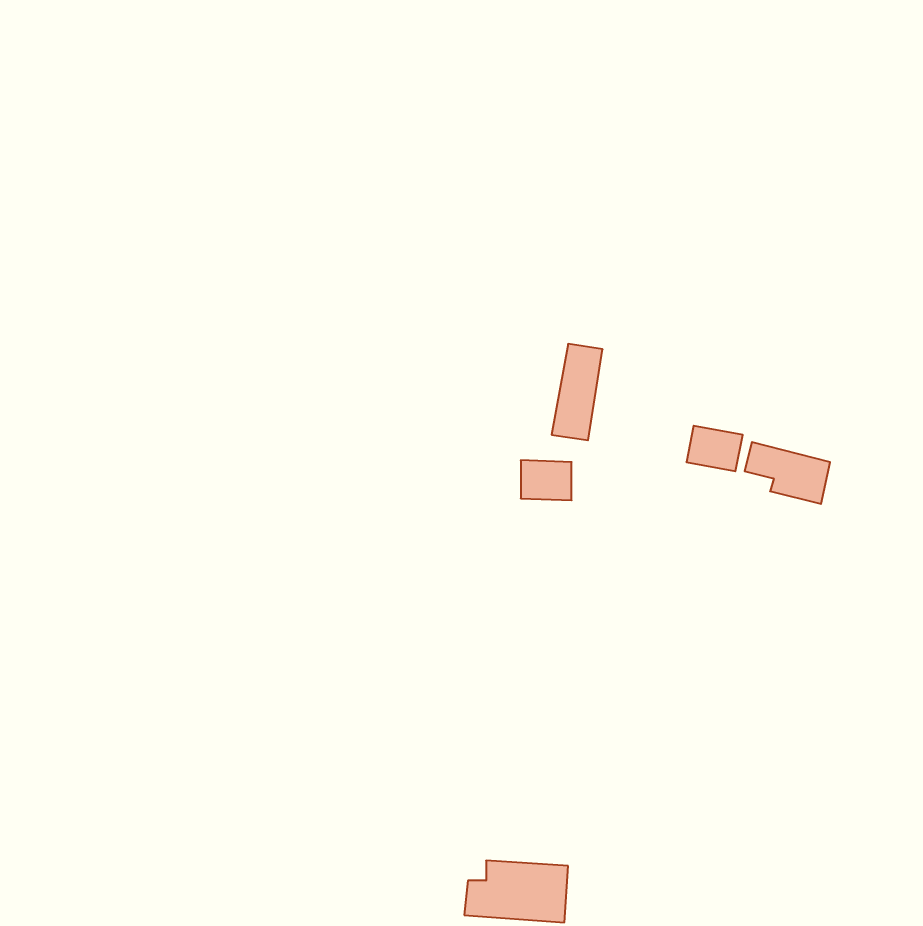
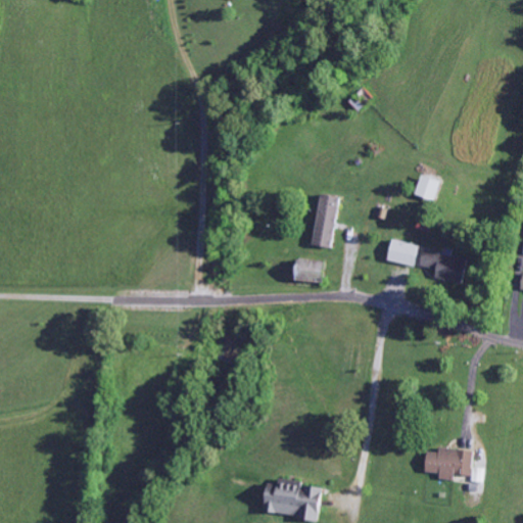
building: none -> [413,174,438,200]
building: none -> [423,446,473,479]

